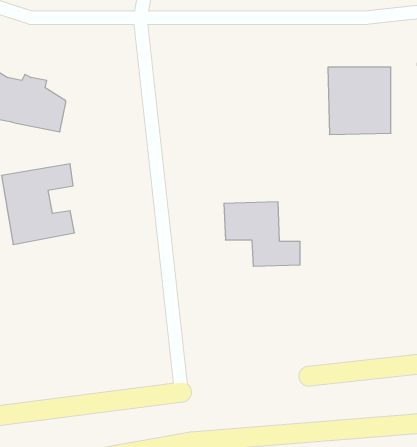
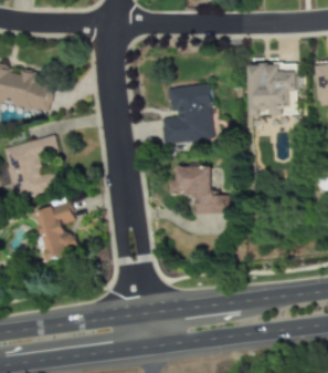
building: none -> [160,82,213,144]
building: none -> [35,200,77,259]

